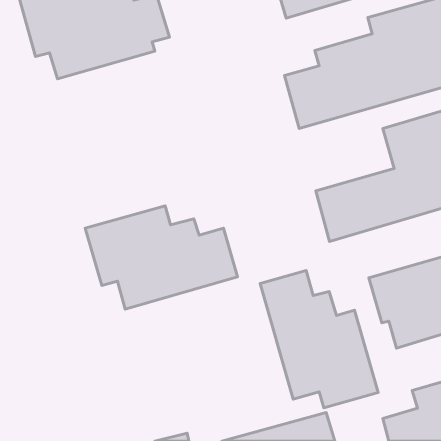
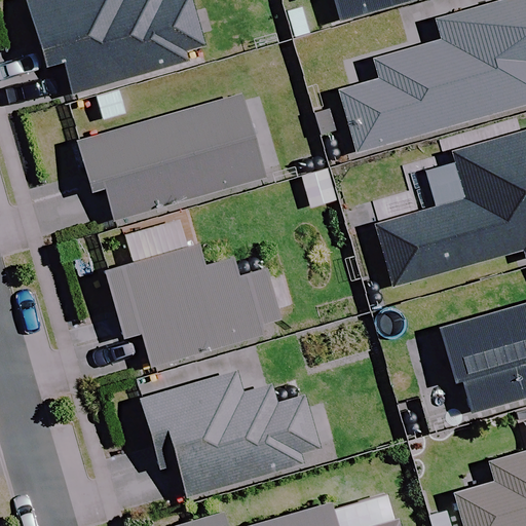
building: none -> [77,95,265,220]
building: [260,271,378,408] -> none
building: none -> [141,371,320,494]

